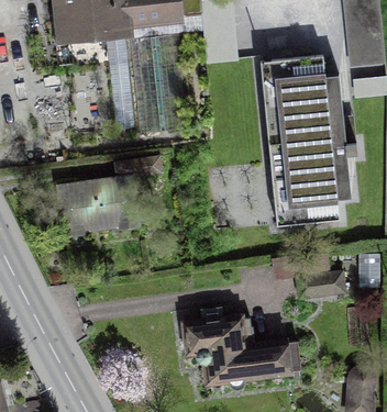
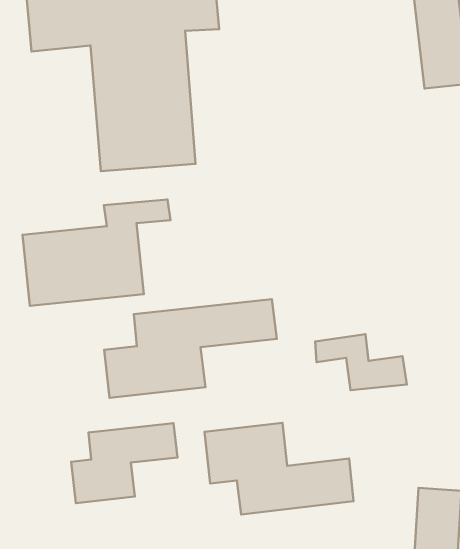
building: [263,57,344,229] -> none
building: none -> [104,299,277,398]
building: none -> [71,423,178,503]

